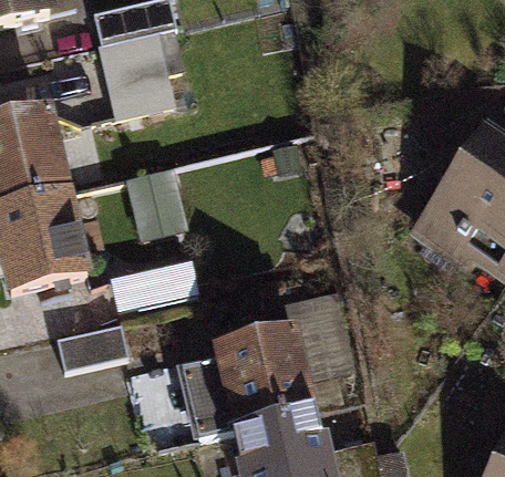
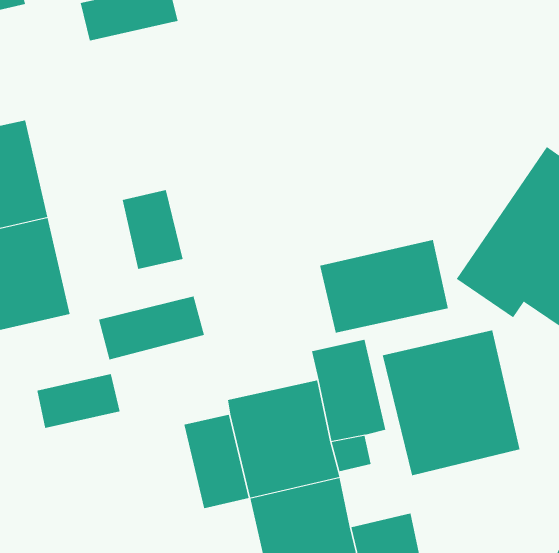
building: [101,25,181,113] -> none
building: none -> [319,239,448,333]
building: none -> [382,329,520,476]

